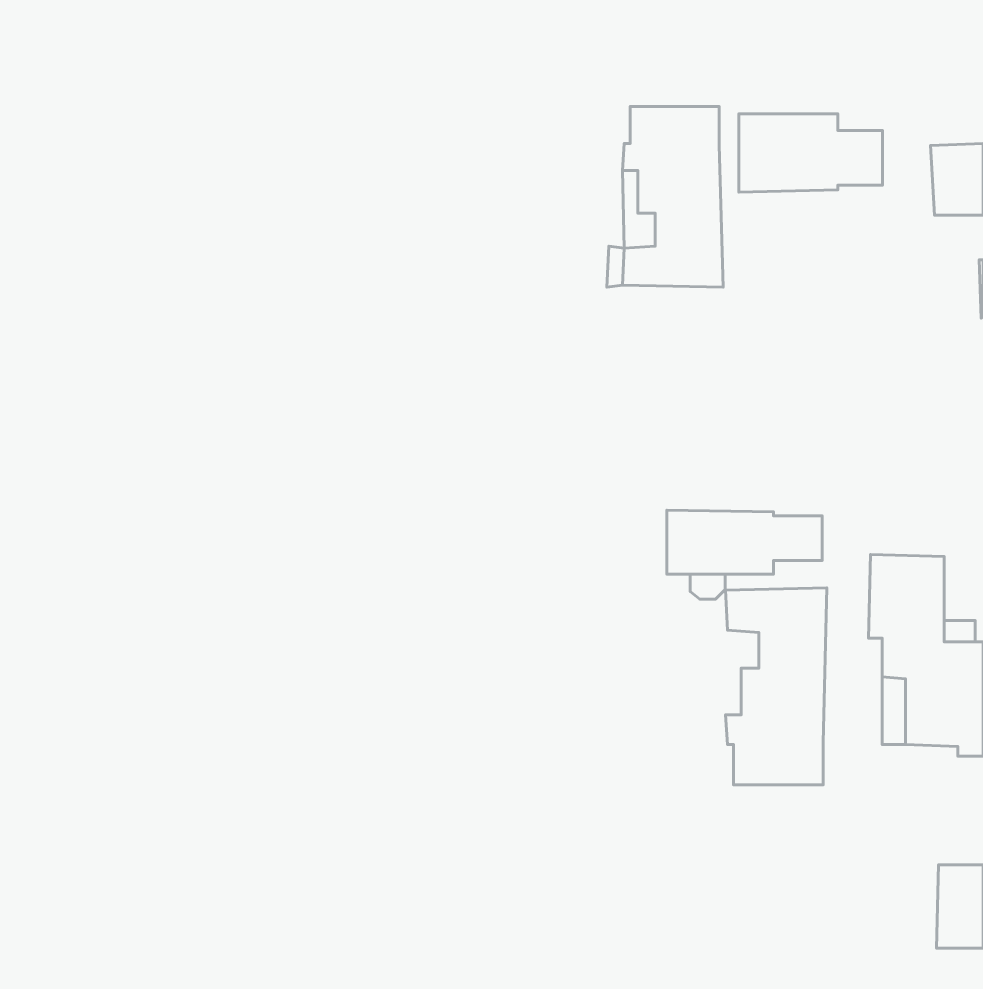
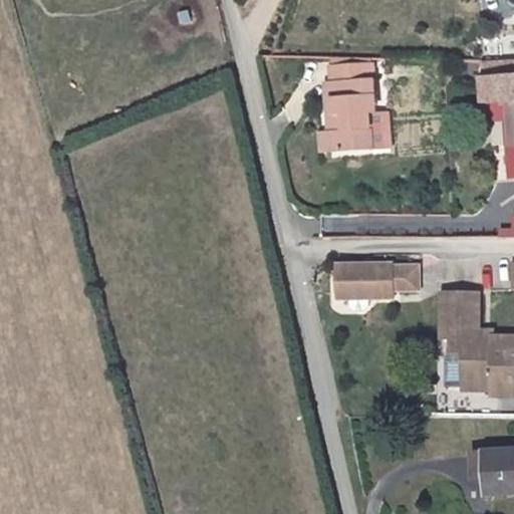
building: [739,114,883,192] -> none
building: [726,588,827,785] -> none

